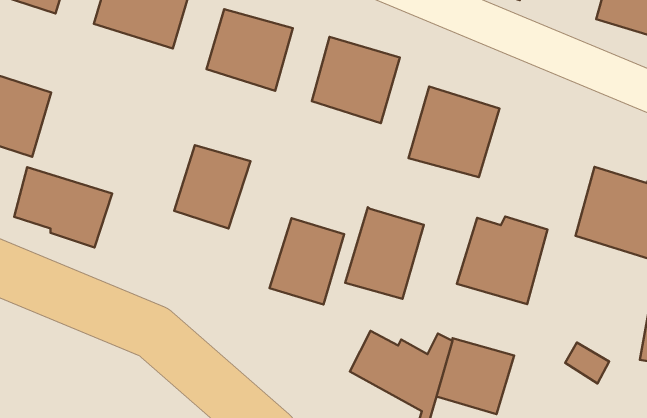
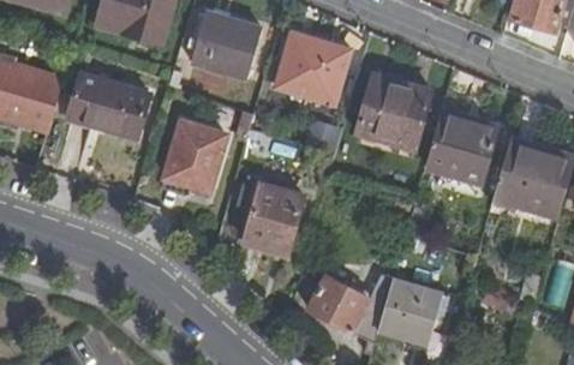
building: [14,167,112,248] -> [70,74,150,140]
building: [345,207,424,299] -> none
building: [457,216,548,304] -> [423,110,497,182]

